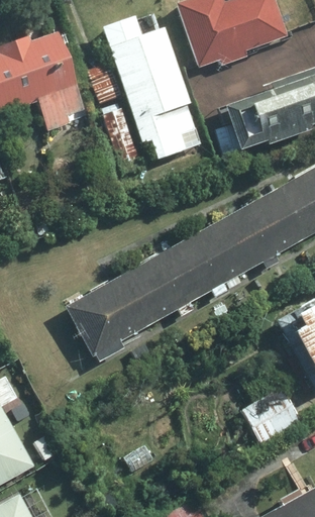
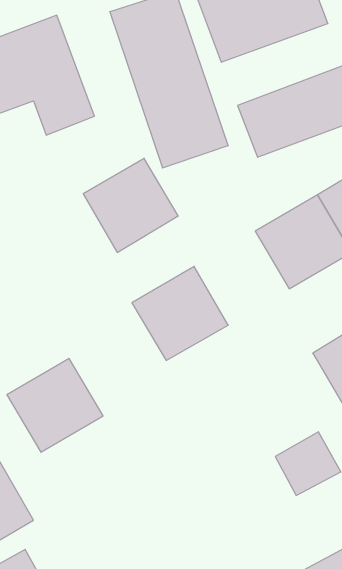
building: [175,216,256,297] -> [83,158,178,252]
building: [68,278,150,358] -> [7,358,103,452]

